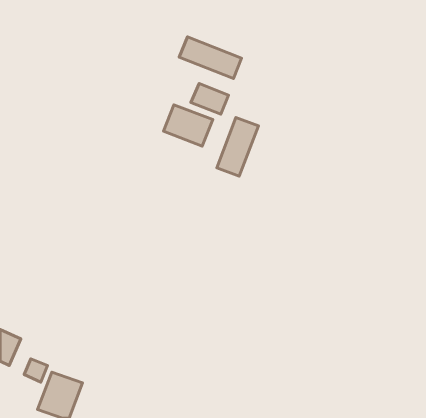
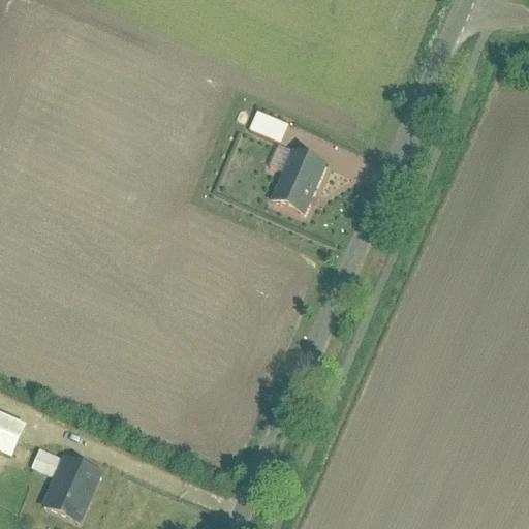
building: [179,37,242,78] -> none
building: [164,105,213,146] -> none

